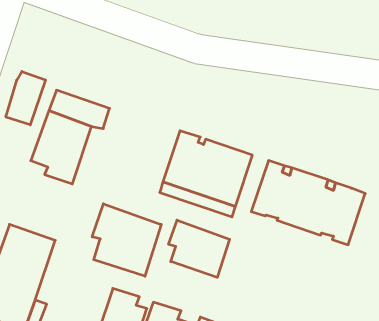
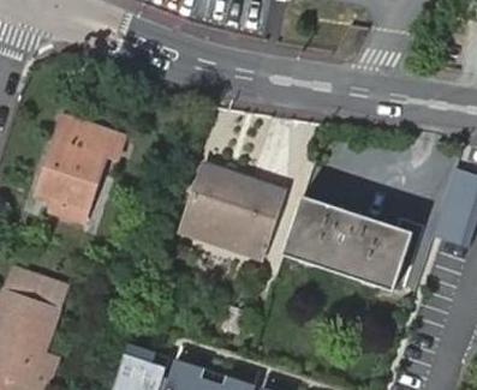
building: [6,71,46,125] -> none
building: [92,204,161,276] -> none
building: [169,220,230,277] -> none

